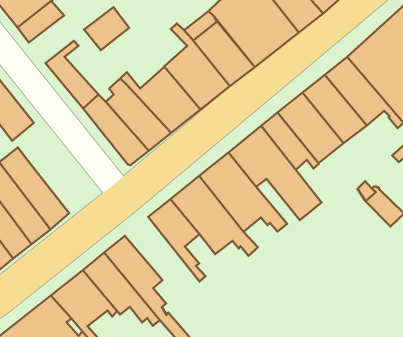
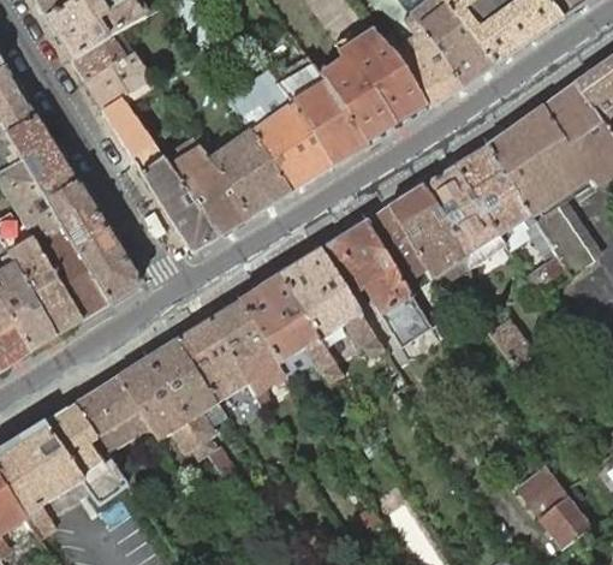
building: [84,7,129,50] -> [83,54,141,107]
building: none -> [47,182,139,302]
building: none -> [175,319,263,415]

